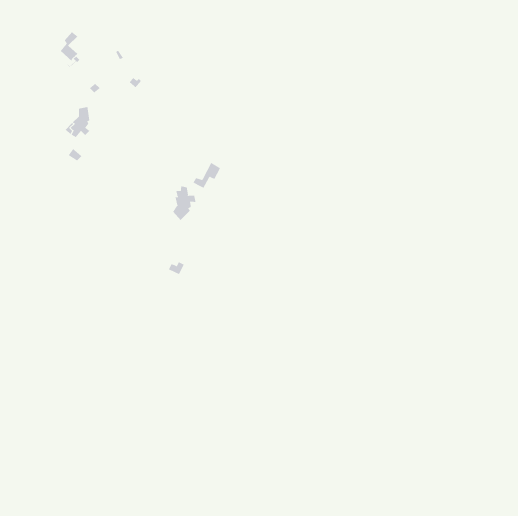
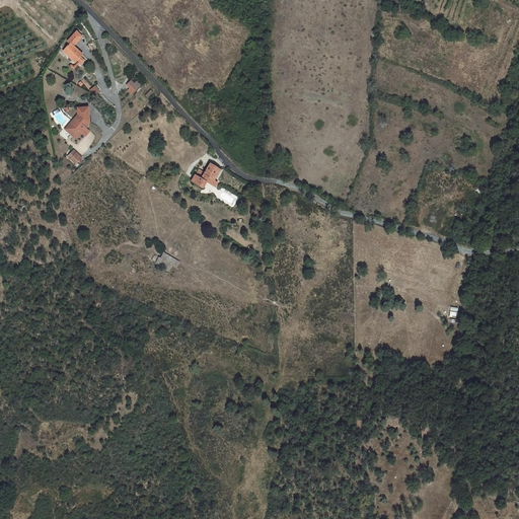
building: [172,186,196,221] -> none

